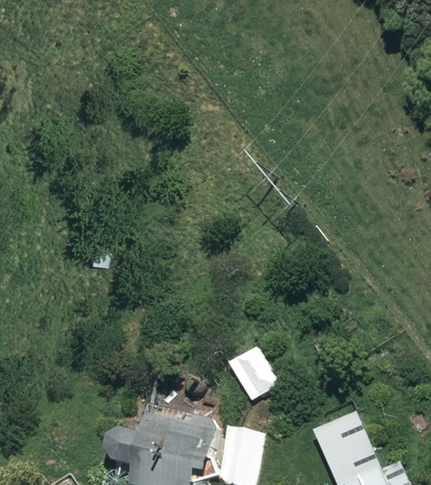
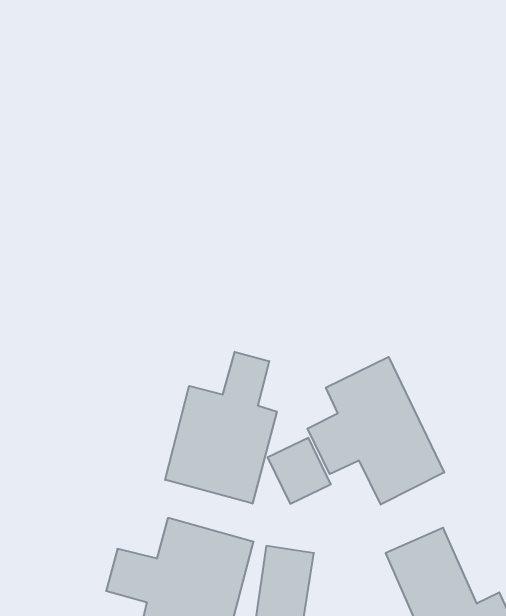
building: none -> [165,352,277,504]
building: none -> [308,357,444,505]

